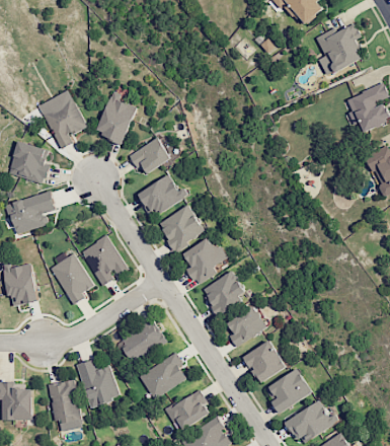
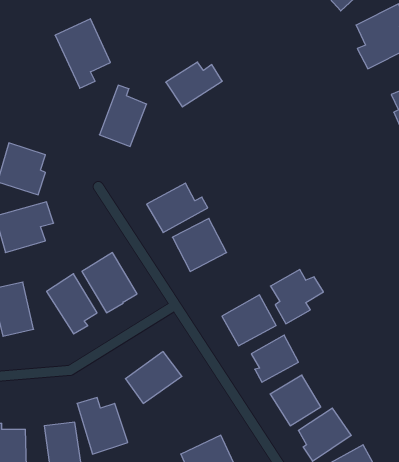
building: [38,89,86,149] -> [55,19,110,88]
building: [130,137,178,175] -> [166,62,222,107]
building: [182,238,228,285] -> [270,270,323,324]
building: [139,354,186,397] -> none

